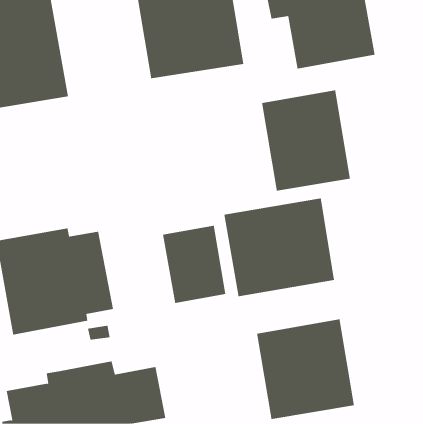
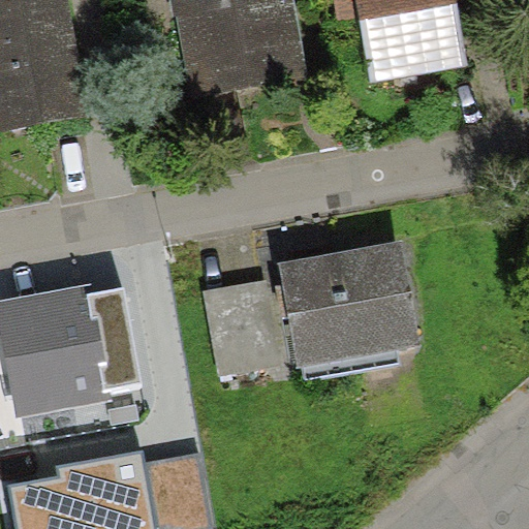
building: [262,89,351,191] -> none
building: [257,319,355,420] -> none

